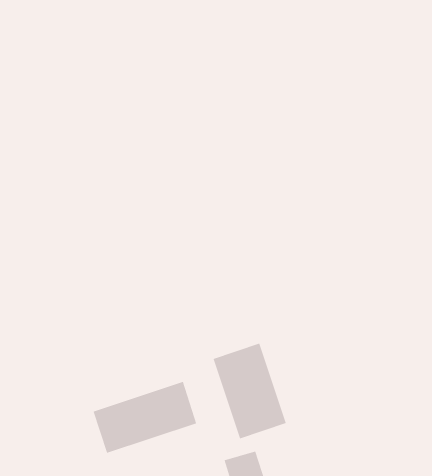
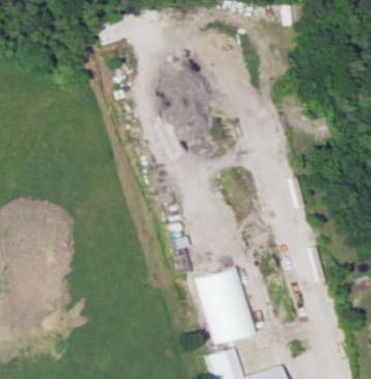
building: [93,381,197,454] -> none

